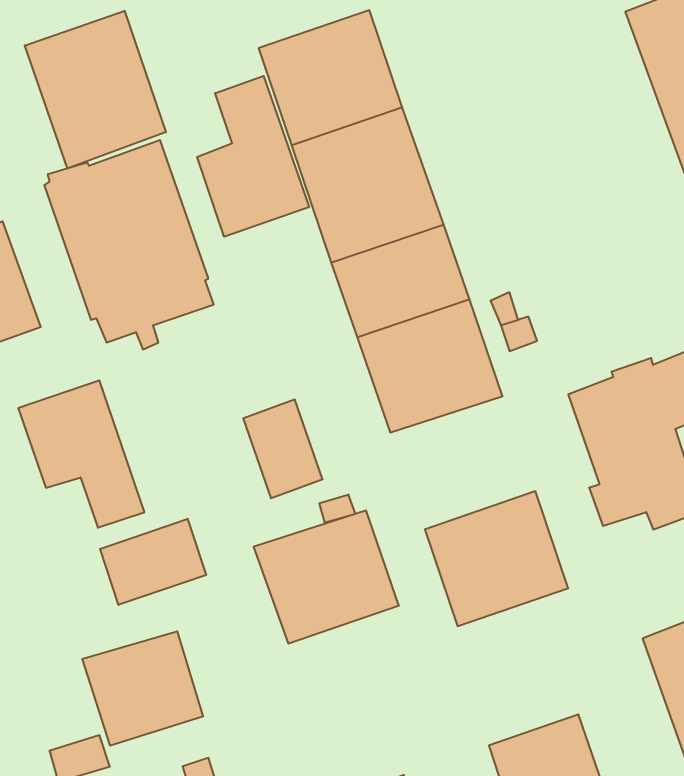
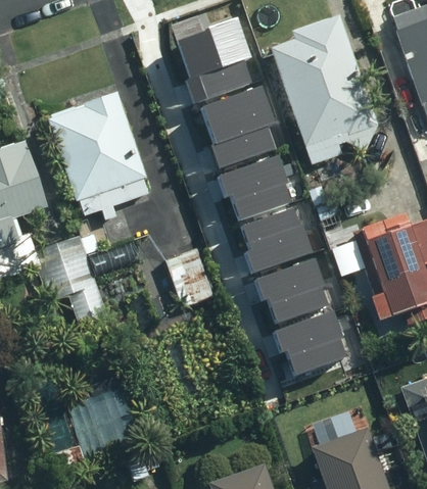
building: none -> [272,15,376,161]
building: [25,11,166,169] -> none
building: [197,76,309,237] -> none
building: [254,510,399,644] -> [252,244,338,323]
building: [100,519,206,605] -> none

